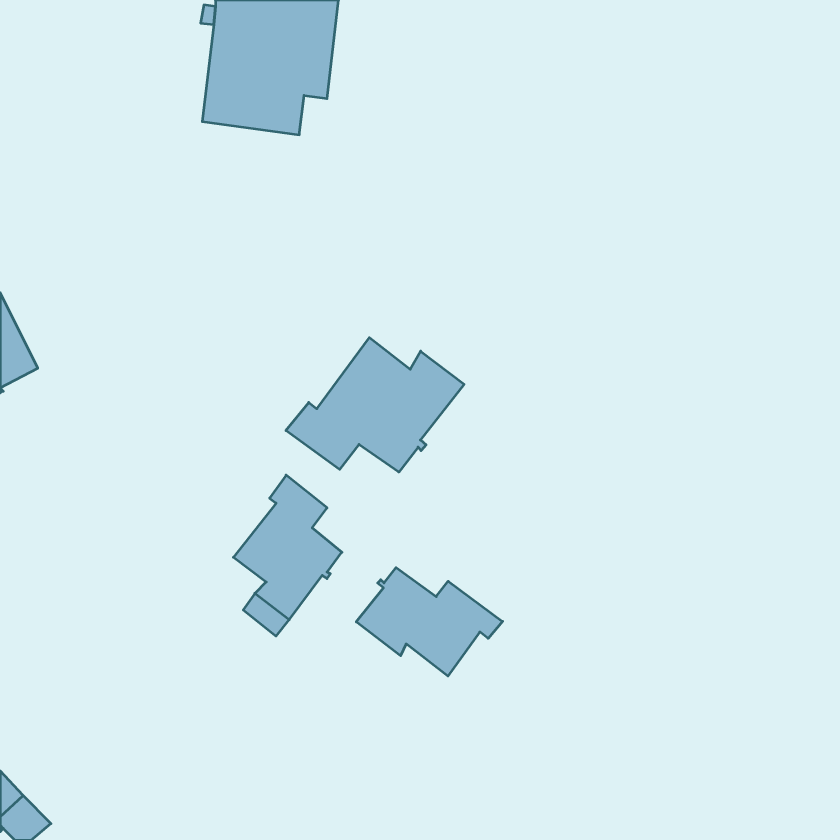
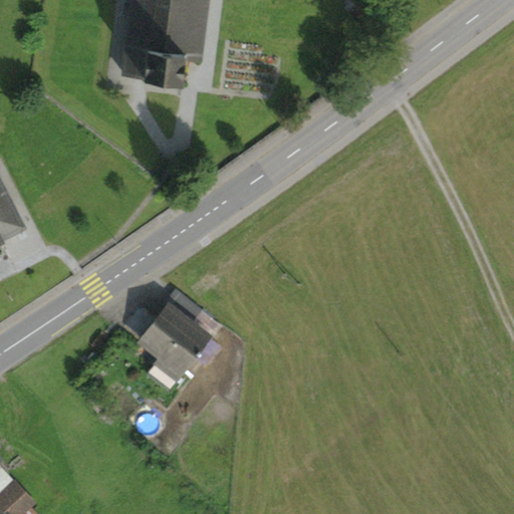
building: [286,338,464,472] -> none
building: [356,568,503,676] -> none

